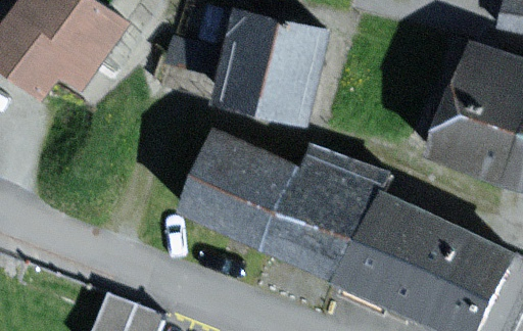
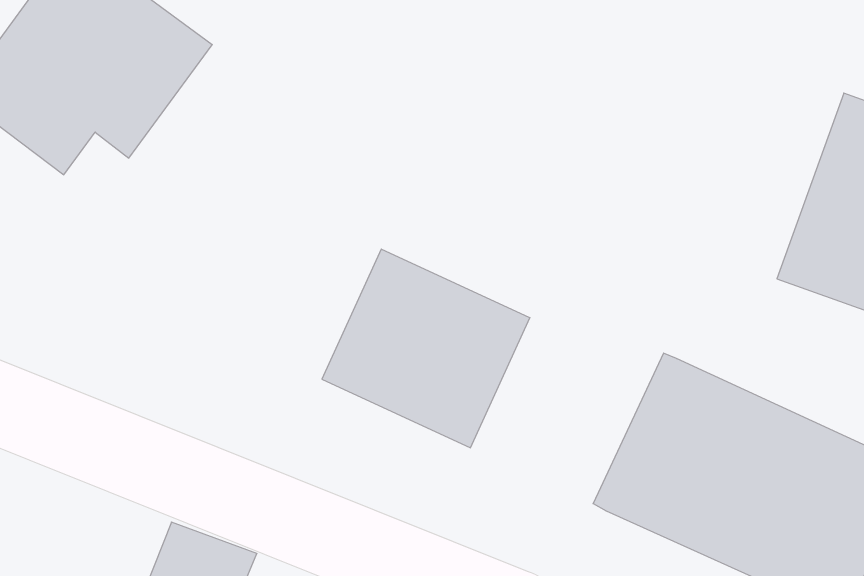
building: [220,17,326,121] -> none
building: [268,153,379,279] -> none

